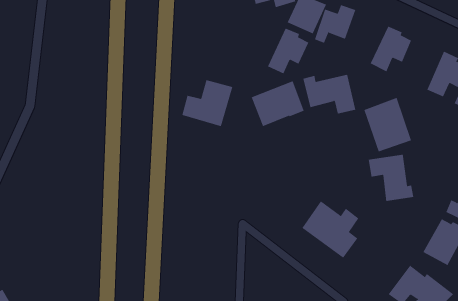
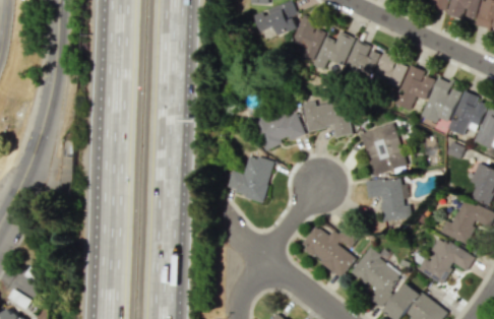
building: [267,28,309,74] -> [341,39,381,83]
building: none -> [393,64,434,109]
building: [182,79,233,127] -> [225,154,274,200]
building: none -> [351,247,405,306]

